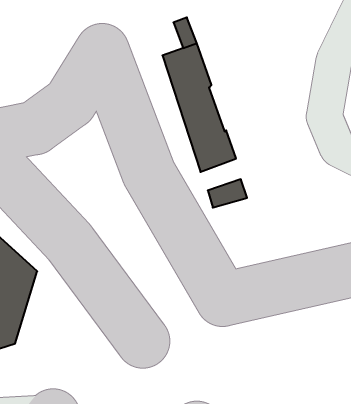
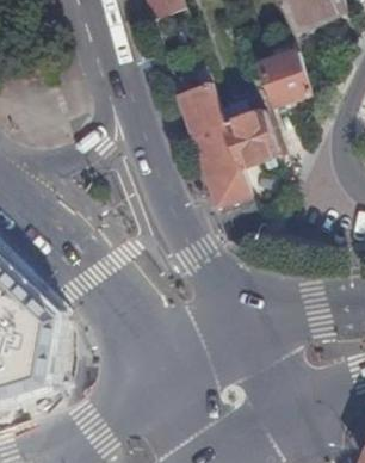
building: none -> [261,50,311,105]
building: none -> [223,110,278,168]

